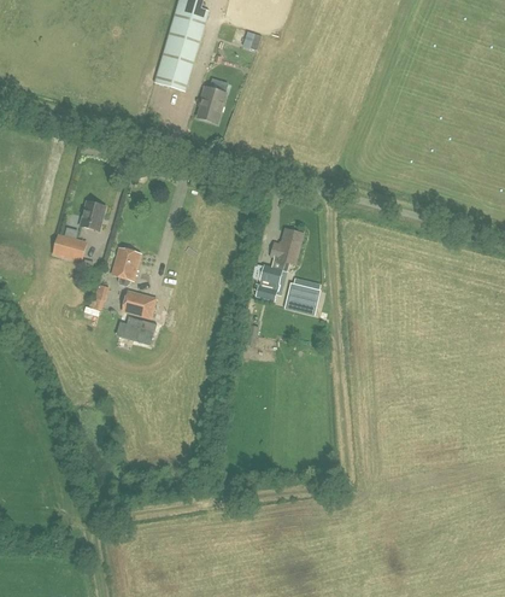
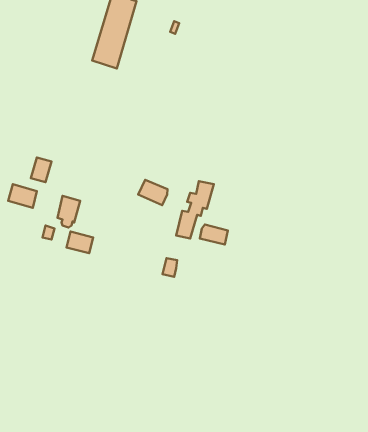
building: [198,86,225,122] -> none
building: none -> [138,180,167,205]
building: [116,315,155,343] -> none

